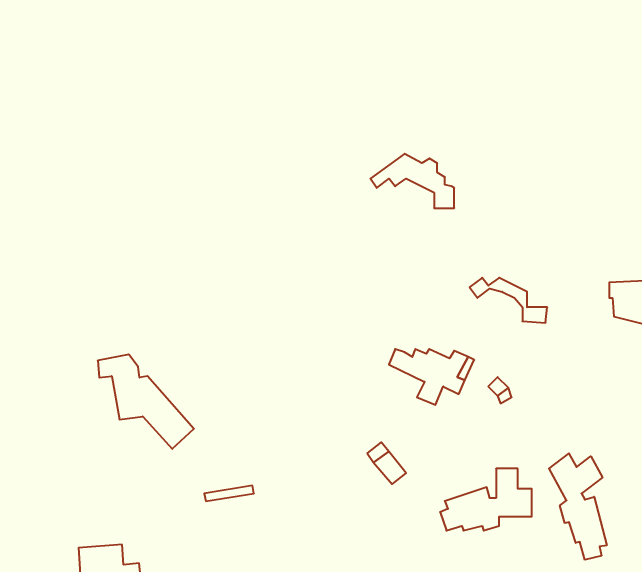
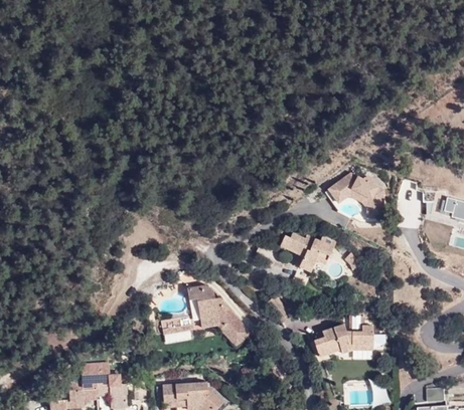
building: [370,154,454,208] -> [330,173,384,208]
building: [98,354,194,449] -> [187,284,250,346]
building: [549,453,607,560] -> none

